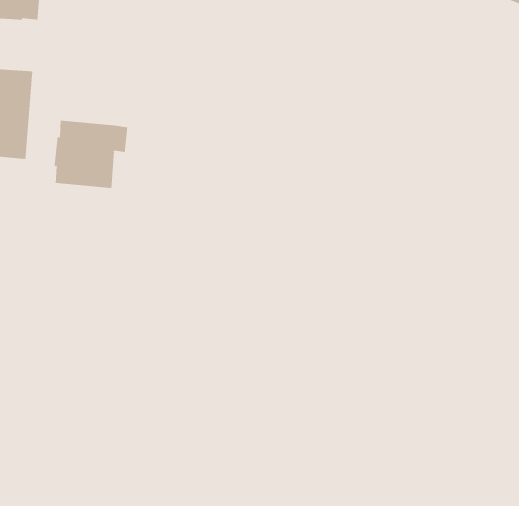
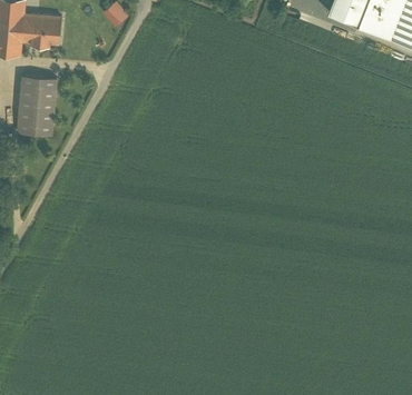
building: [54,120,128,189] -> none

